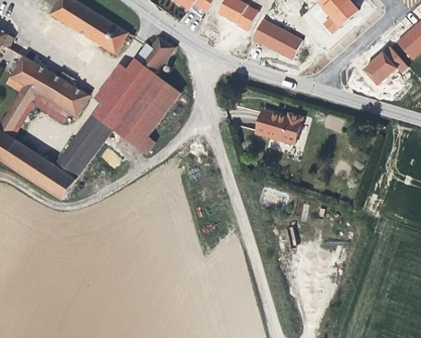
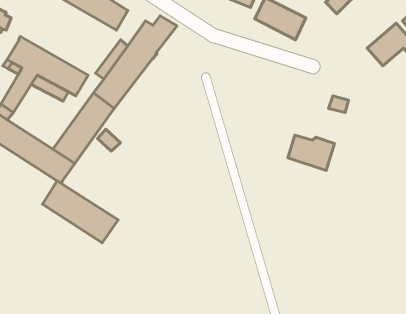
building: [115,75,180,151] -> none
building: [260,112,305,146] -> [288,135,335,170]
building: none -> [43,181,118,243]

